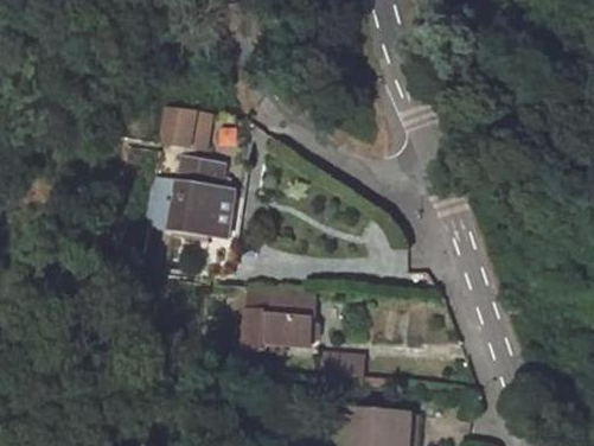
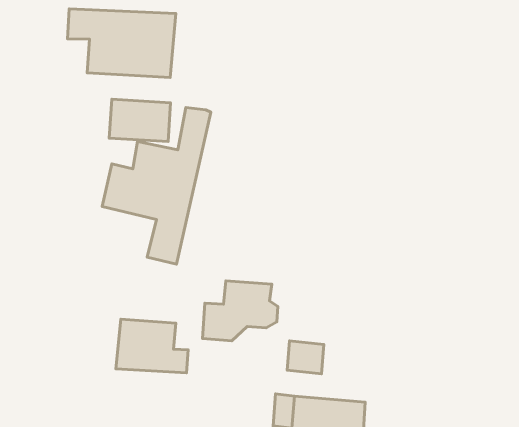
building: none -> [67,9,176,78]
building: none -> [116,319,188,373]

